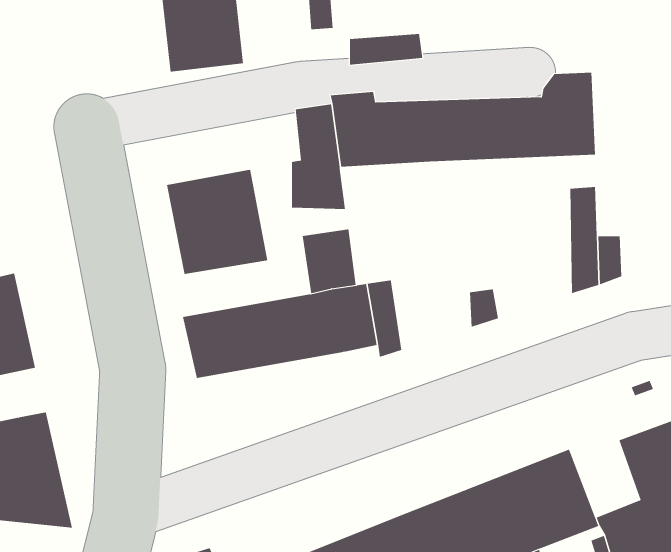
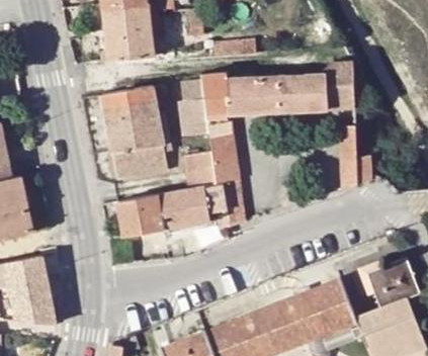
building: none -> [102,87,157,126]
building: none -> [208,116,238,184]

